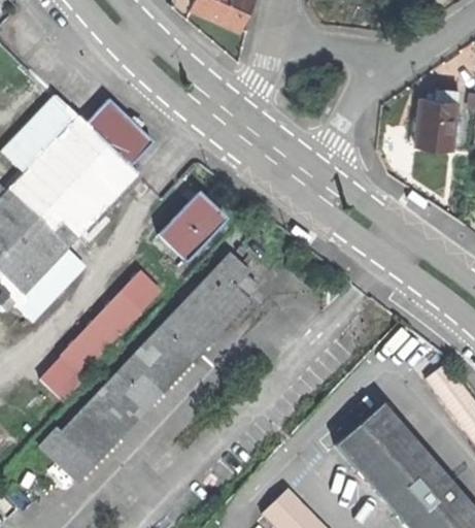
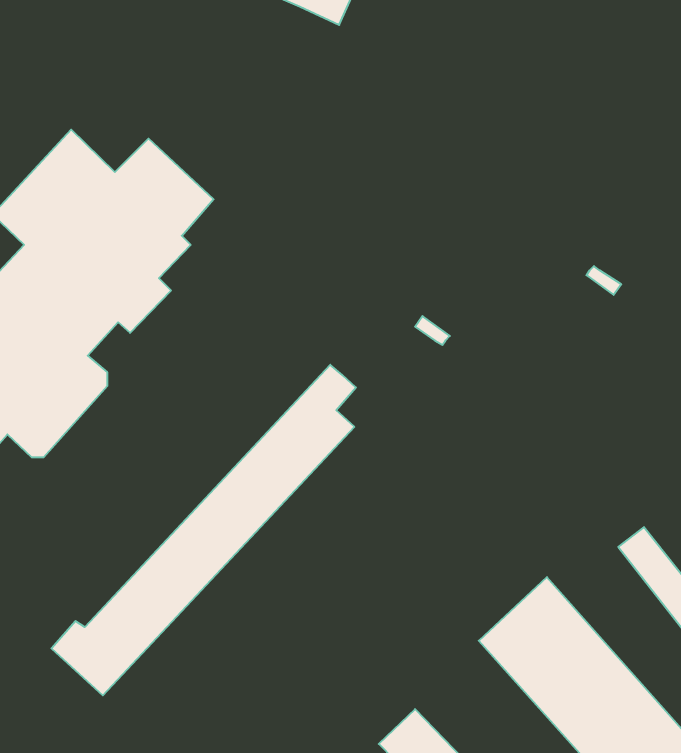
building: [414,89,457,147] -> none
building: [159,193,226,262] -> none
building: [40,271,159,401] -> none

